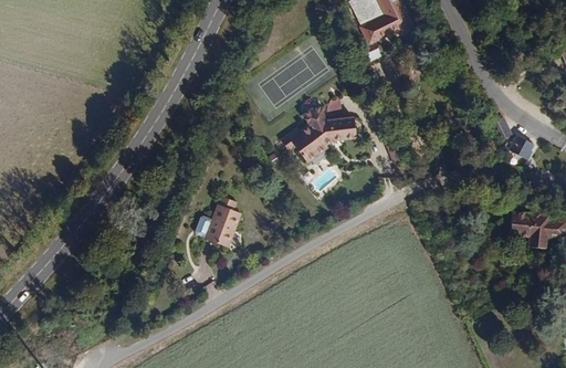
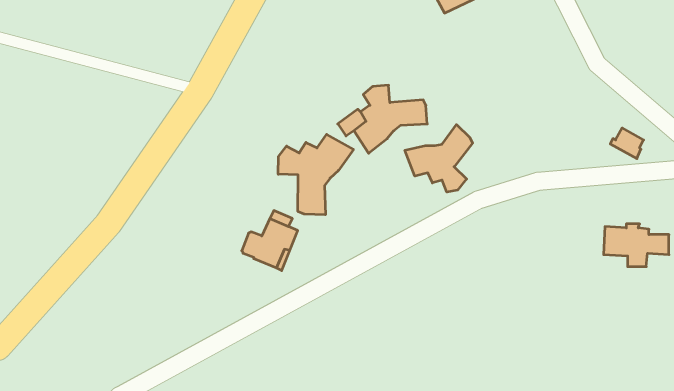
building: none -> [405,125,473,192]
building: none -> [278,134,353,215]

